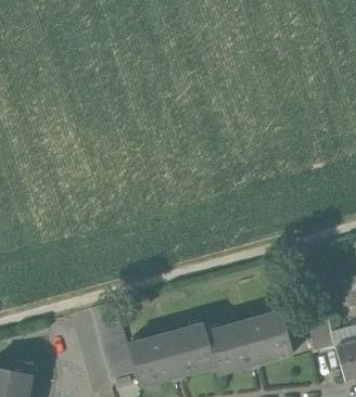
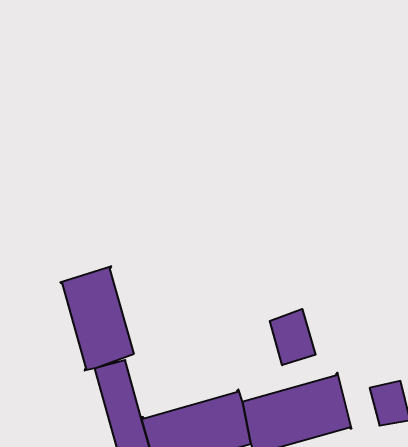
building: none -> [60,266,134,371]
building: none -> [270,309,316,365]

